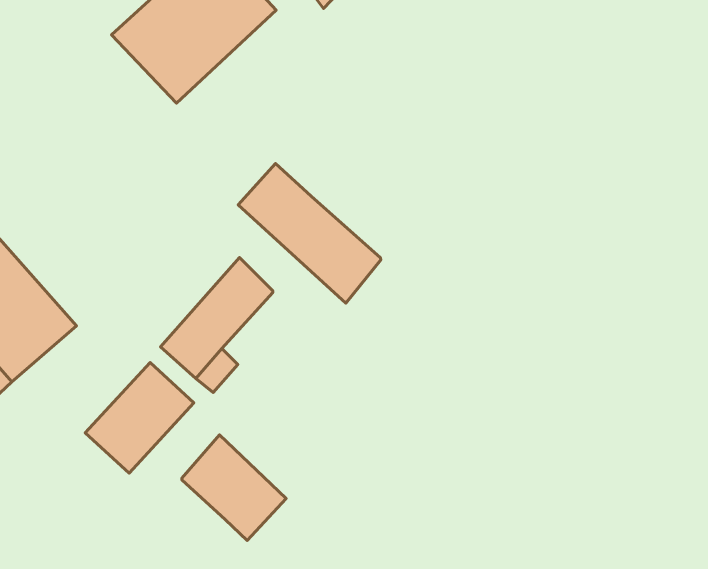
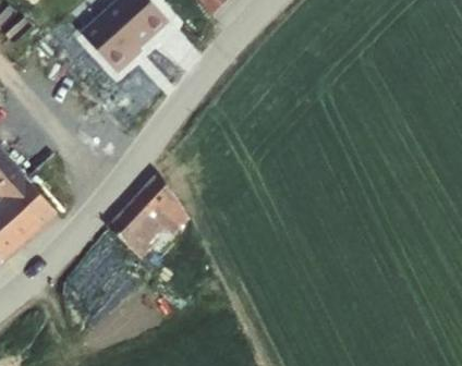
building: [238,163,381,303] -> none
building: [182,435,286,541] -> none

